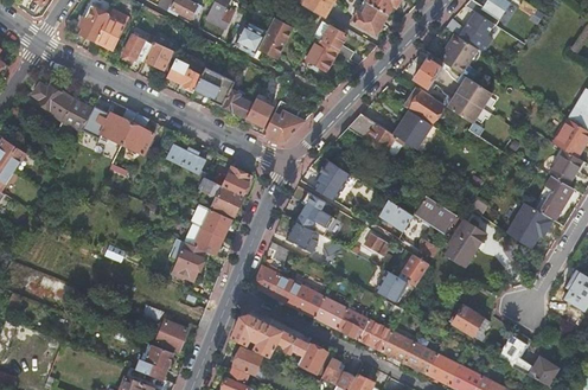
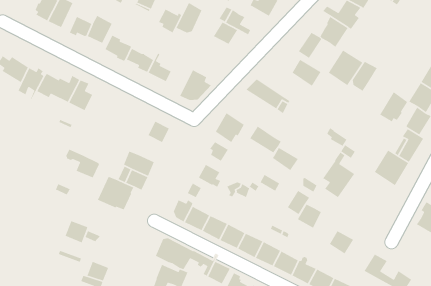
building: none -> [352,61,378,92]
building: [244,92,273,126] -> none
building: [392,109,437,153] -> none
building: none -> [379,91,408,123]
building: [165,145,204,173] -> none
building: [198,177,242,215] -> [65,149,100,179]
building: [415,194,456,230] -> [249,125,282,153]
building: [375,270,407,302] -> [297,203,322,229]
building: [155,320,186,350] -> [64,220,89,244]

